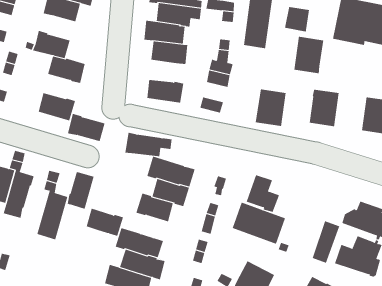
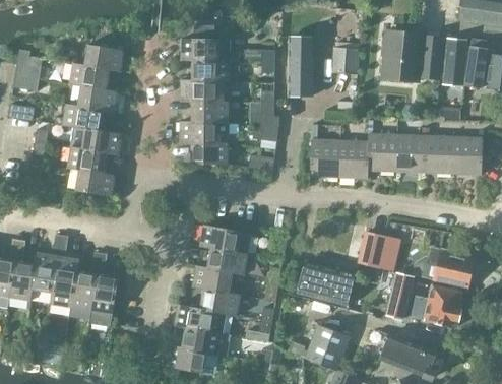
building: none -> [77,86,117,113]
building: [293,36,324,74] -> [338,141,368,179]
building: none -> [395,135,425,173]
building: [67,113,105,142] -> [67,146,107,174]
building: [124,132,172,157] -> [179,121,229,143]
building: [67,172,94,210] -> [70,271,97,311]
building: [246,175,280,213] -> [358,233,393,271]
building: [85,208,124,237] -> [199,289,240,316]

